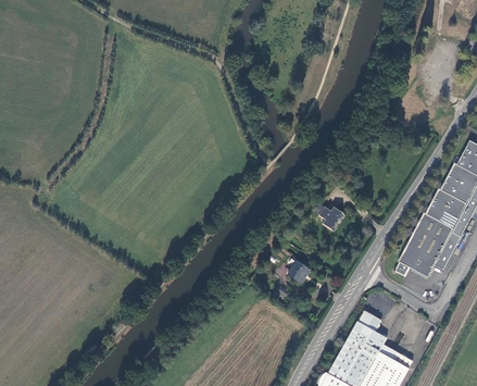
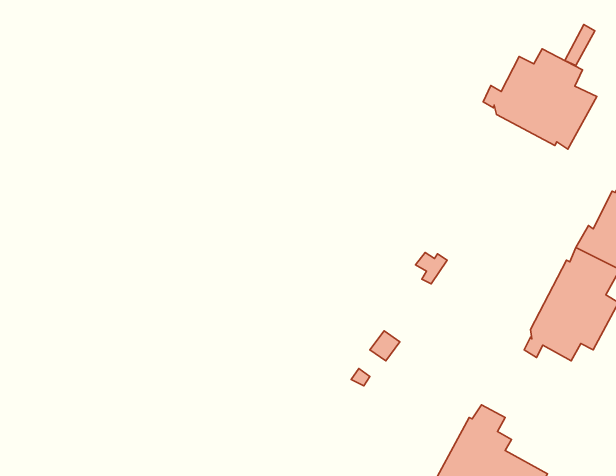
building: none -> [483,49,597,149]

